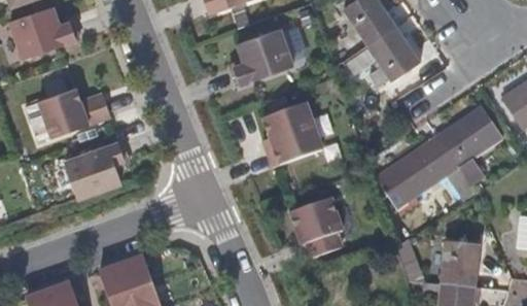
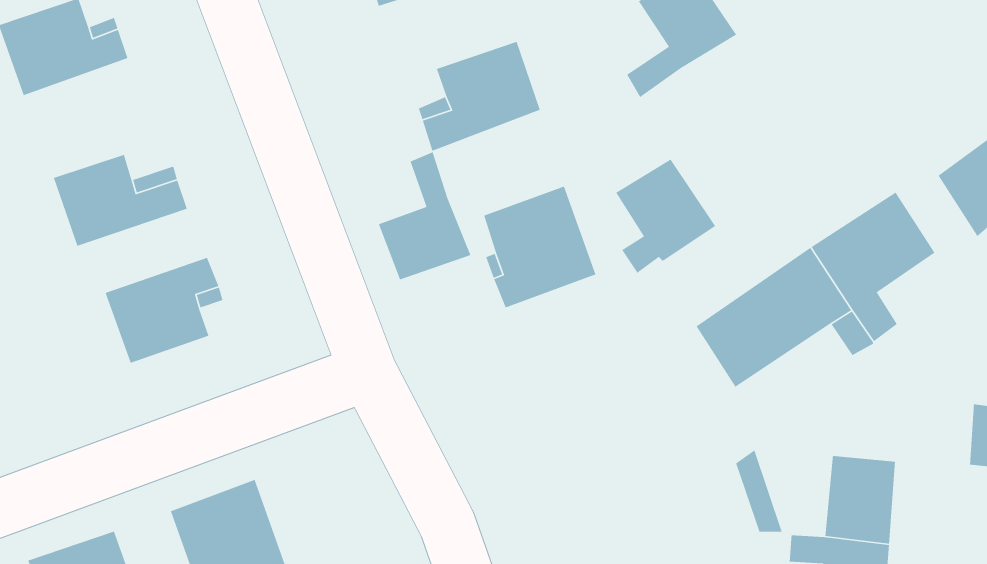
building: [366,26,419,86] -> [615,159,716,274]
building: none -> [378,151,471,281]
building: [288,200,342,260] -> none

